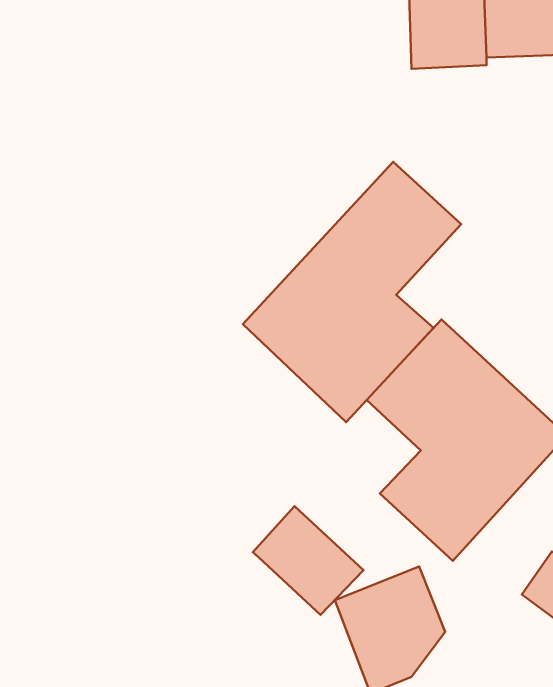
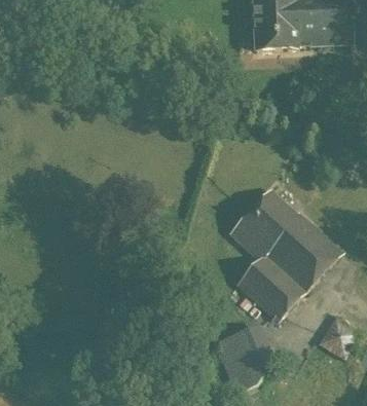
building: [243,162,461,422] -> none
building: [253,506,364,615] -> none

